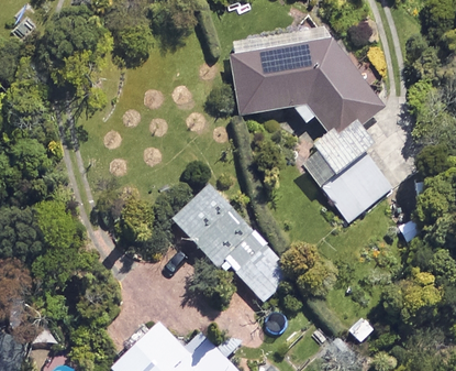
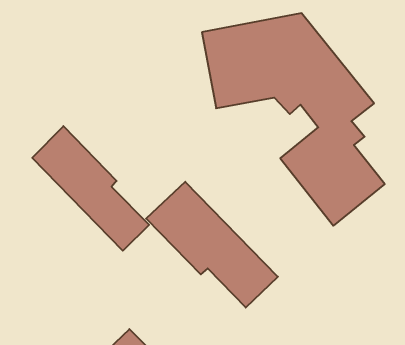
building: none -> [32,126,149,251]

